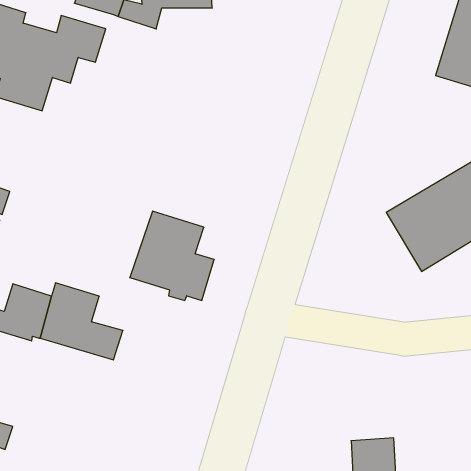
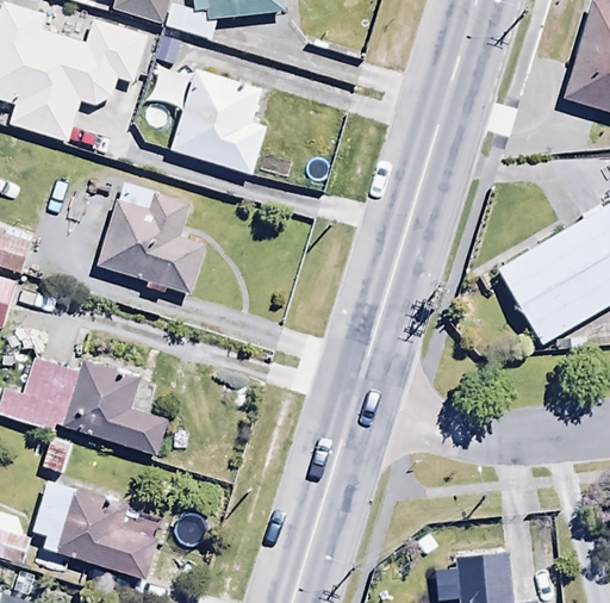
building: none -> [172,68,268,175]
building: [130,211,214,300] -> [97,182,203,294]
building: none -> [32,478,162,578]

